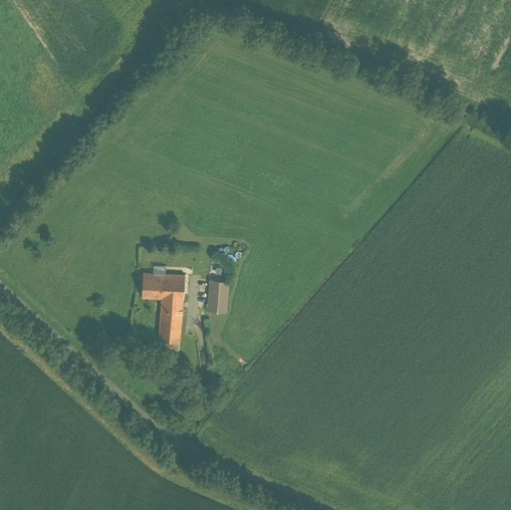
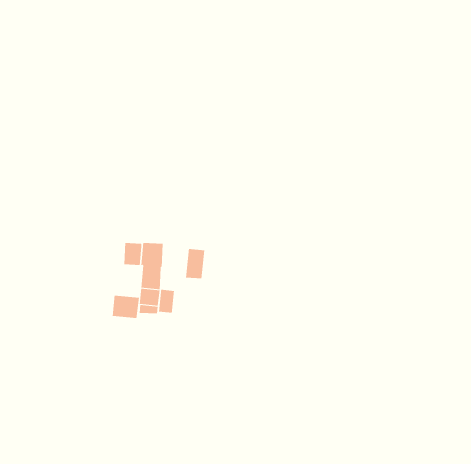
building: none -> [158,289,174,313]
building: none -> [112,295,140,319]

